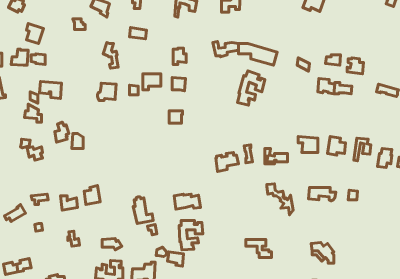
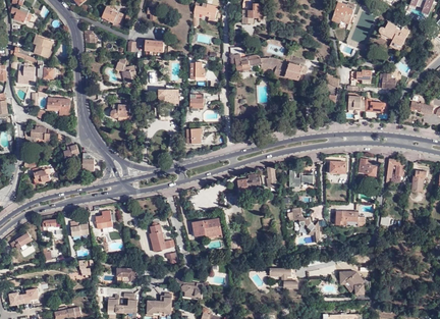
building: none -> [378,21,410,50]
building: [238,71,265,105] -> none
building: [179,221,203,250] -> none

